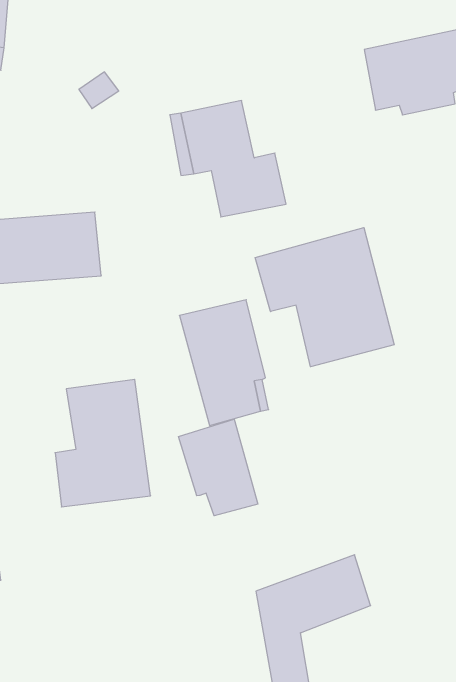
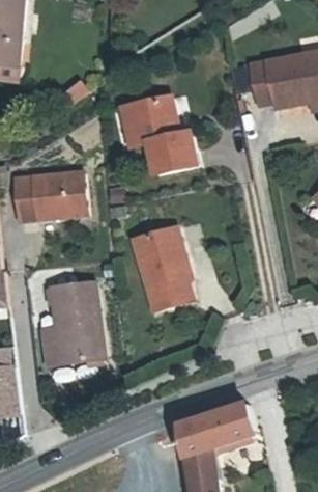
building: [255,228,394,367] -> none
building: [178,419,258,516] -> none

